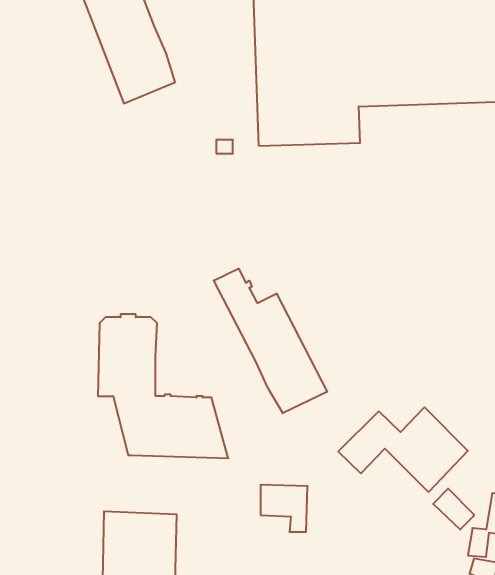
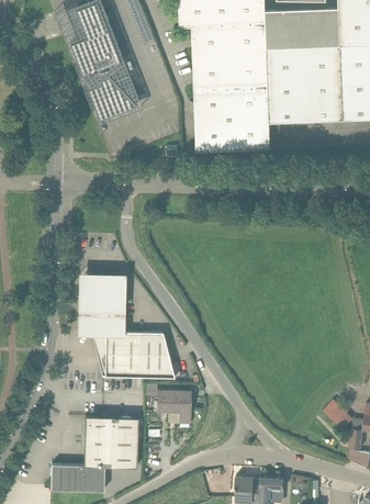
building: [214,269,327,413] -> none
building: [338,407,468,492] -> none
building: [261,485,308,532] -> [157,390,191,424]

